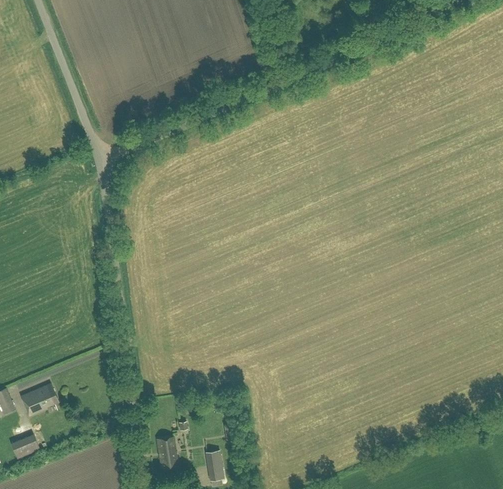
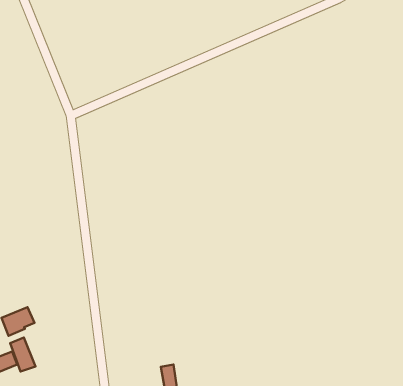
building: none -> [10,338,36,372]
building: [157,434,178,468] -> none

